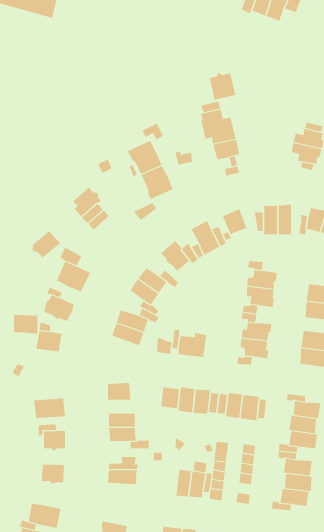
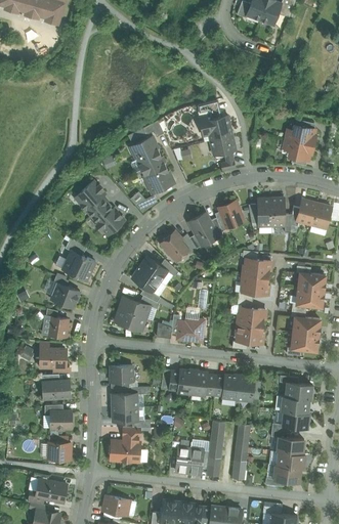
building: [209,72,236,100] -> none
building: [31,230,61,259] -> [97,208,125,234]
building: [13,314,38,334] -> [42,349,66,367]

